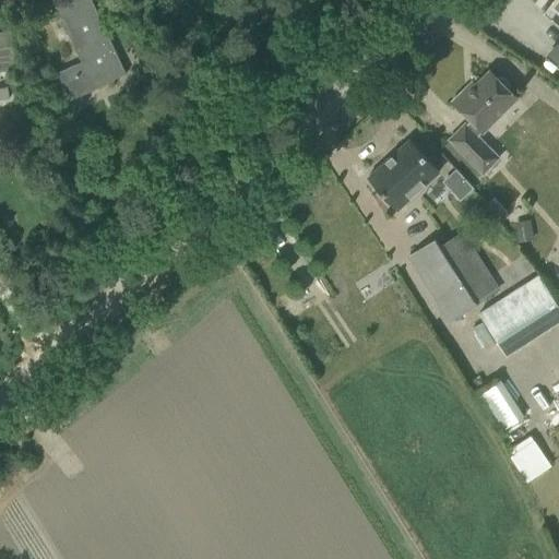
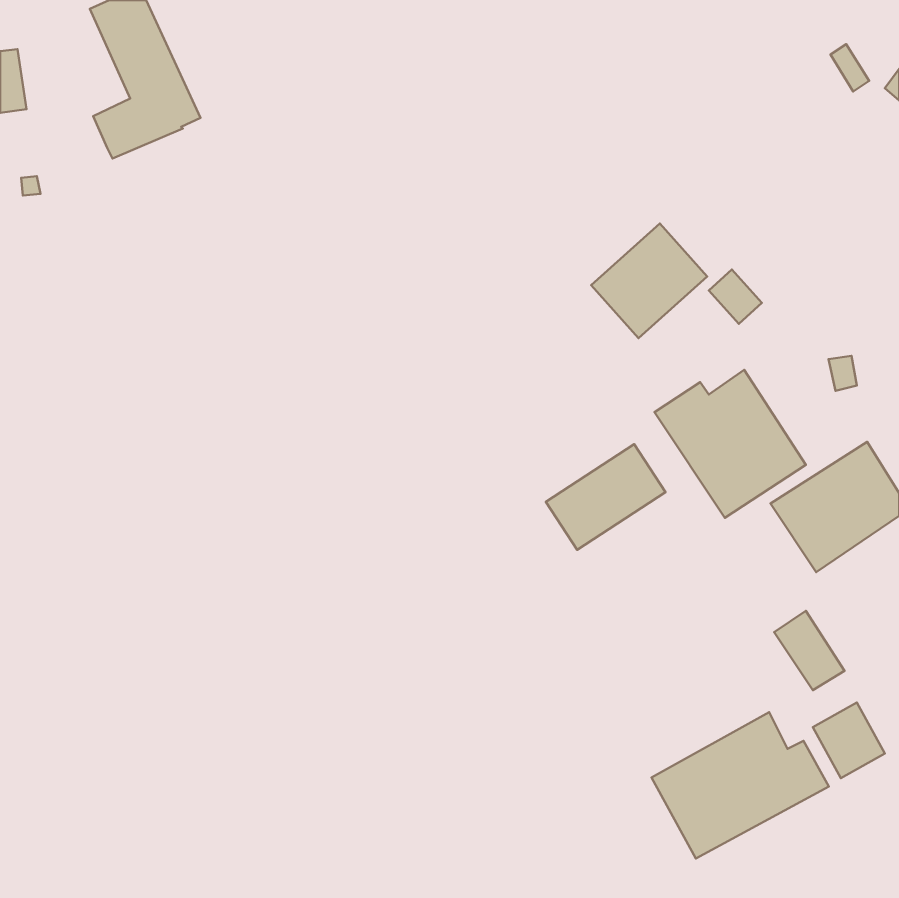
building: [449,71,516,175] -> none
building: none -> [546,444,665,550]
building: none -> [651,712,829,858]

